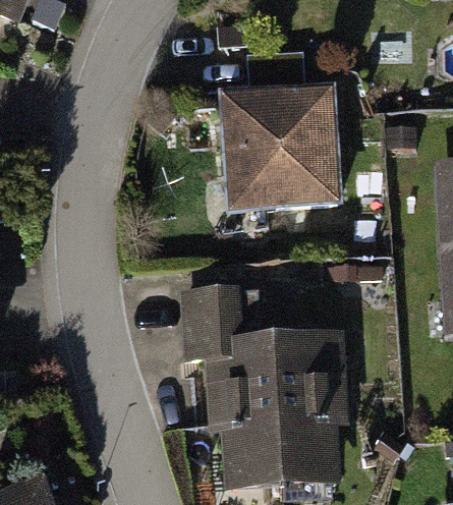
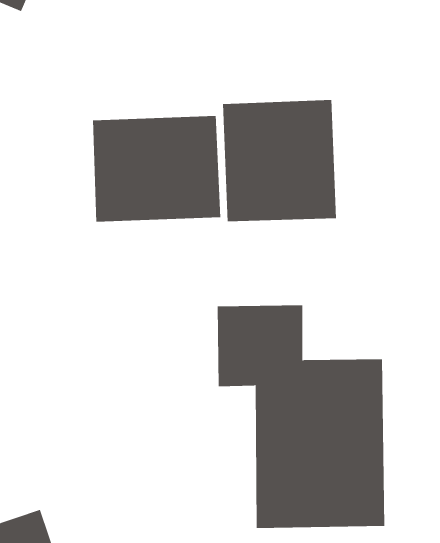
building: none -> [92,115,221,223]

